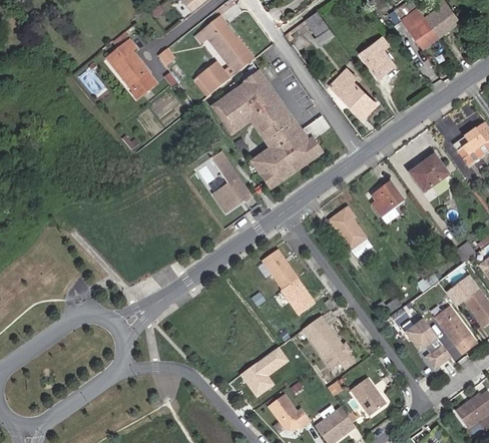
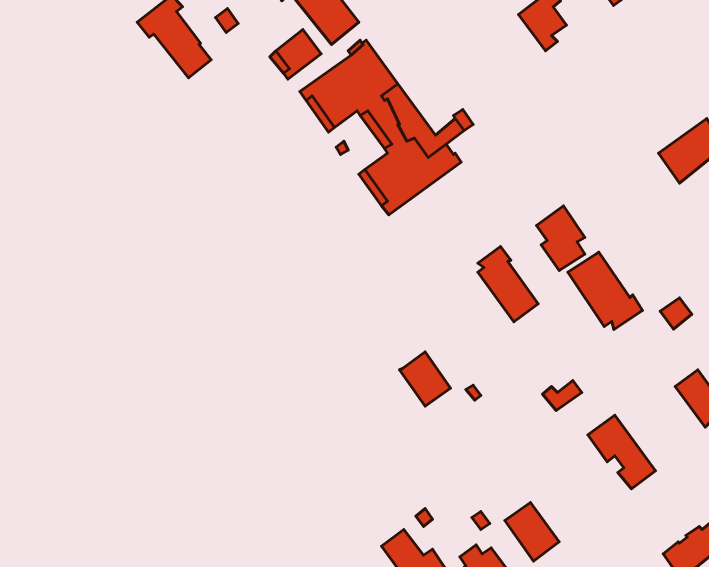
building: [335,68,376,117] -> none
building: [210,150,252,211] -> none
building: [414,155,448,191] -> none
building: none -> [568,252,643,329]
building: [262,249,298,289] -> none
building: [434,306,471,346] -> none
building: [304,317,354,369] -> none
building: [241,347,286,394] -> none

